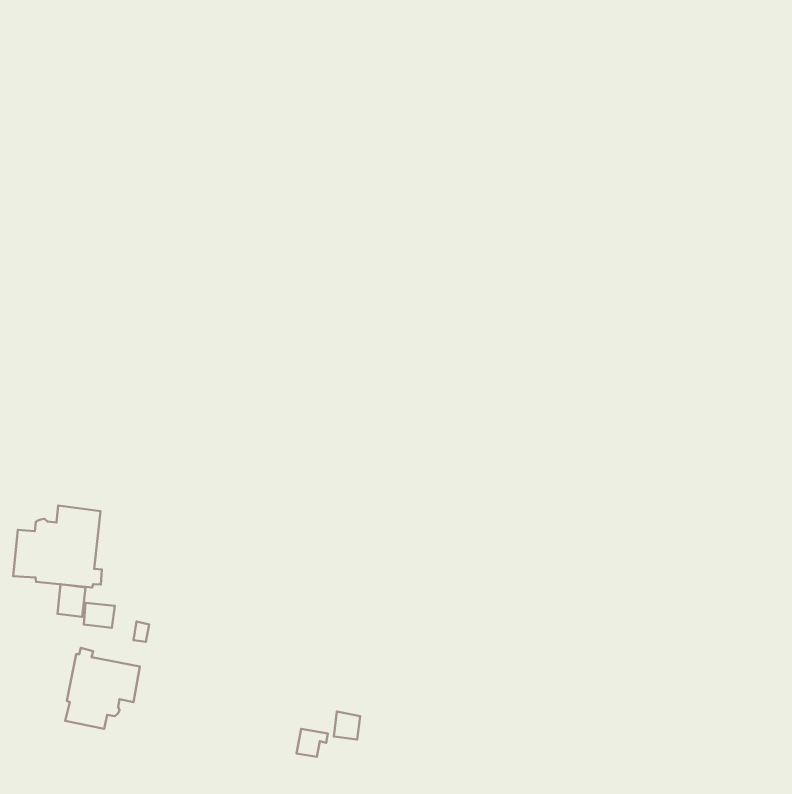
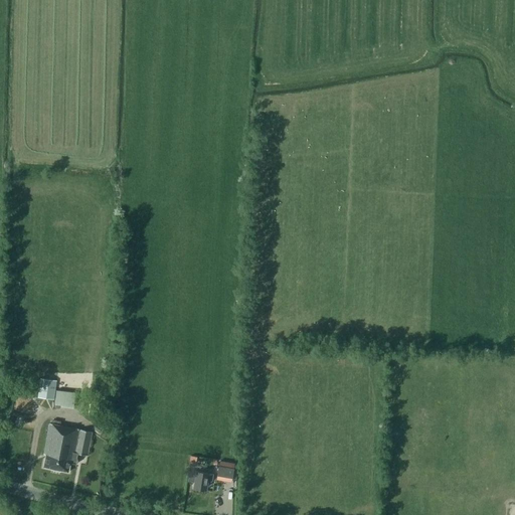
building: [13,506,102,588] -> none

